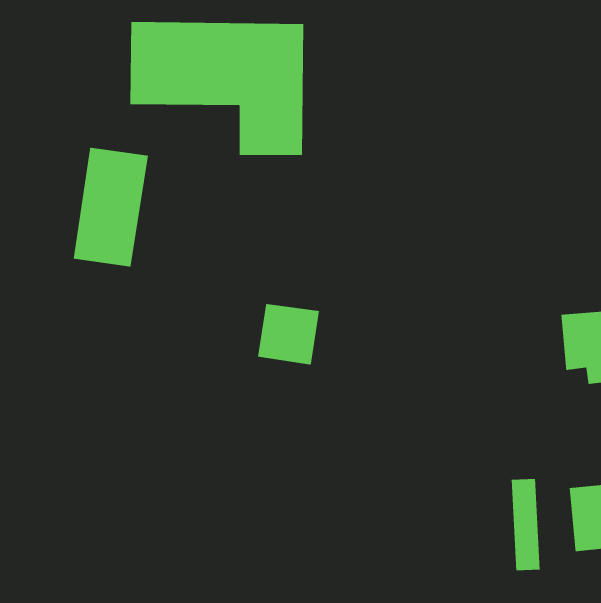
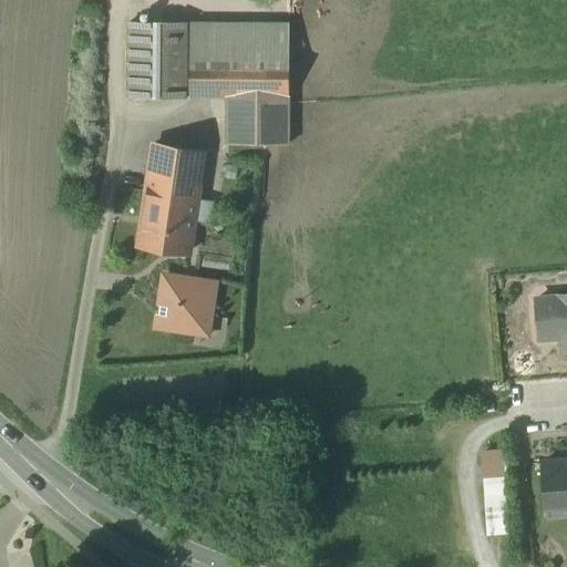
building: [73,147,149,267] -> [137,143,208,255]
building: [257,304,320,365] -> [162,274,220,331]

